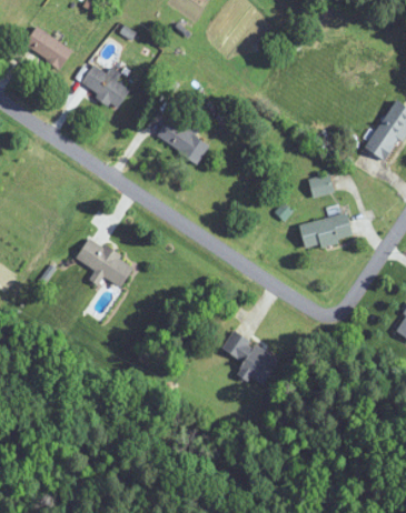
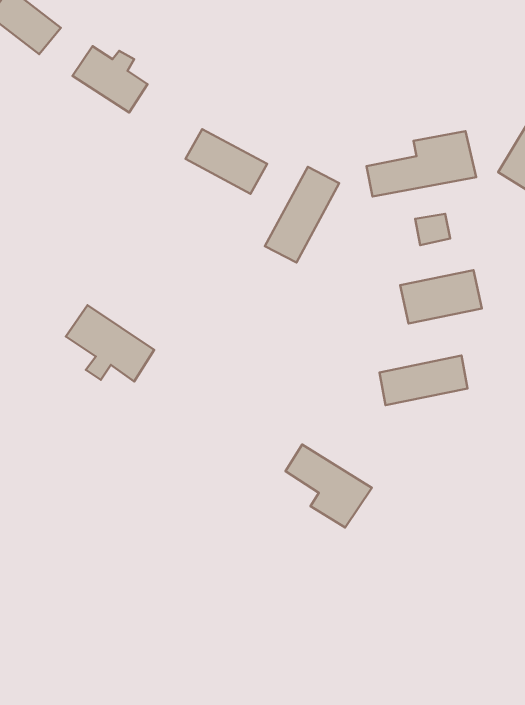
building: none -> [367,131,476,197]
building: none -> [265,167,339,262]
building: none -> [379,356,468,405]

